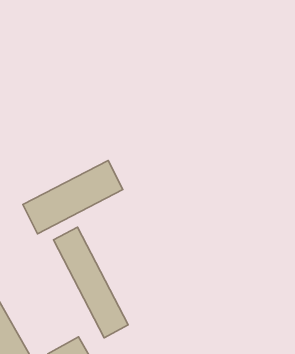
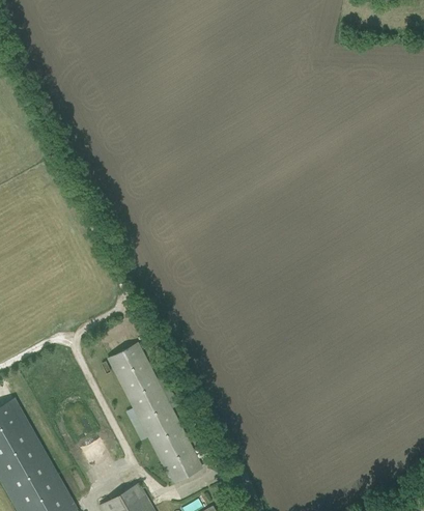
building: [23,161,123,234] -> none

